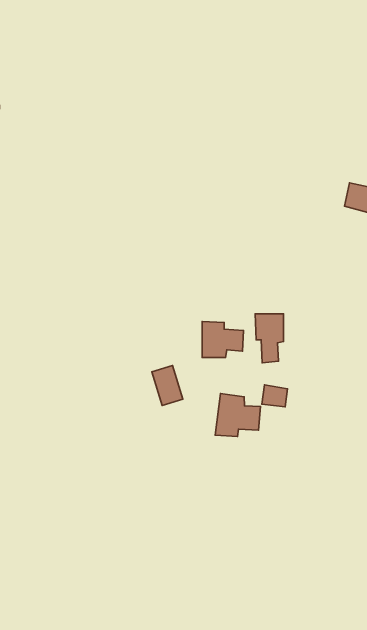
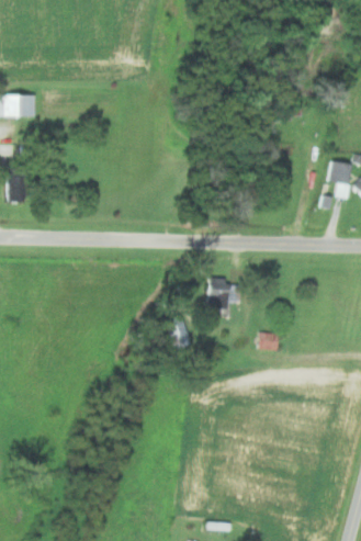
building: [255,314,284,363] -> none
building: [215,394,260,437] -> none

